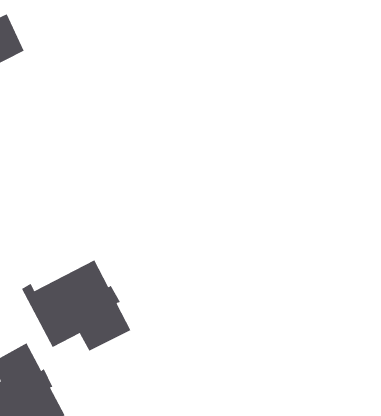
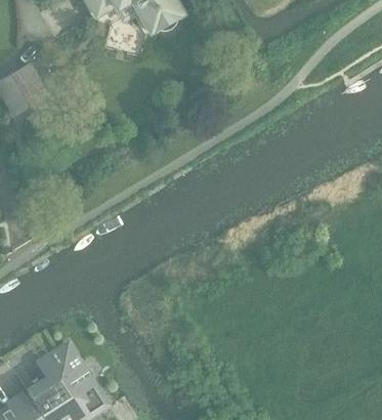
building: [21,260,131,352] -> none

